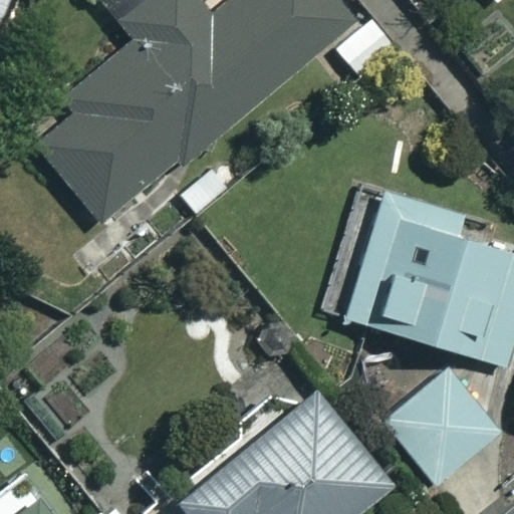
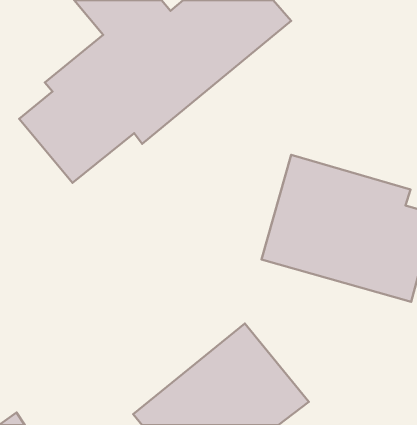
building: [389,367,505,484] -> none

